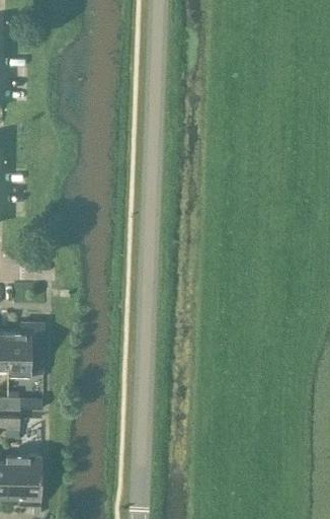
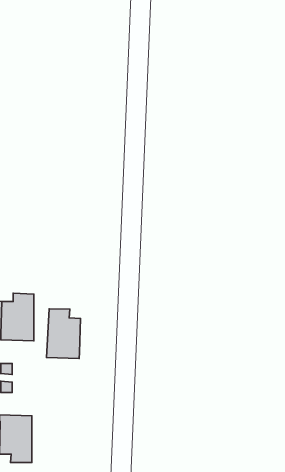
building: none -> [47,309,80,358]

